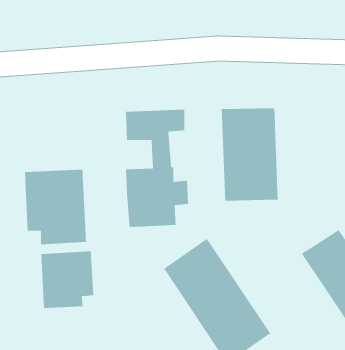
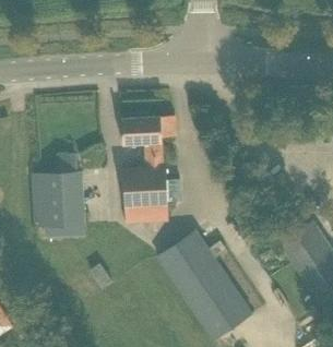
building: [221,107,279,201] -> none
building: [40,251,94,309] -> none

